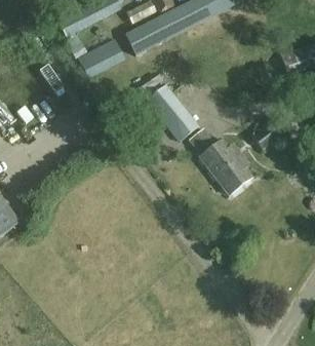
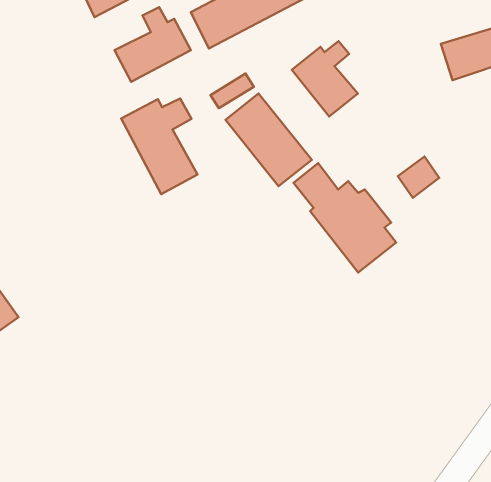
building: none -> [292,41,358,117]
building: none -> [121,98,198,194]

